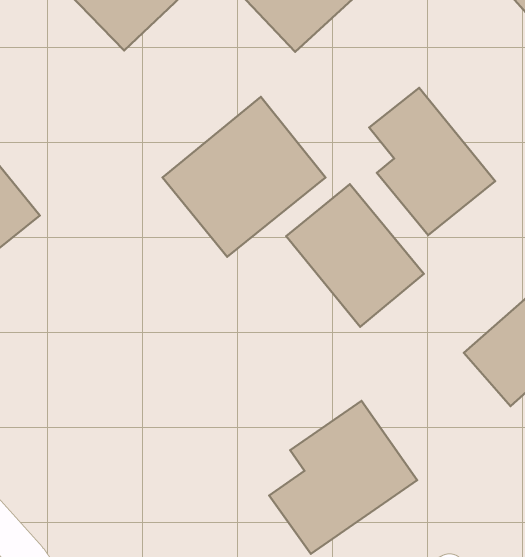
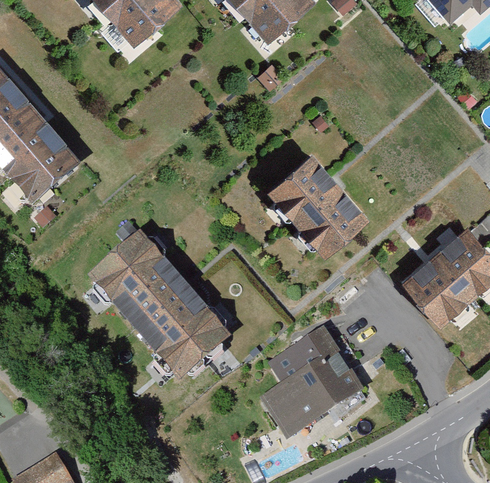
building: [369,88,495,235] -> none
building: [162,97,326,257] -> none
building: none -> [89,232,240,386]

